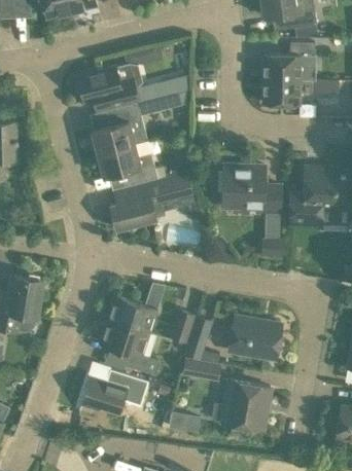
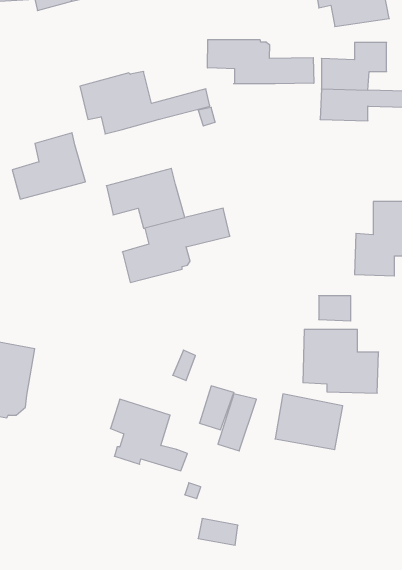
building: none -> [208,40,314,84]
building: [92,103,148,154] -> [12,133,85,199]
building: [222,166,281,215] -> [303,329,379,393]
building: [108,297,154,332] -> none
building: [182,358,222,382] -> none
building: [80,370,148,413] -> none
building: [212,381,270,430] -> none

